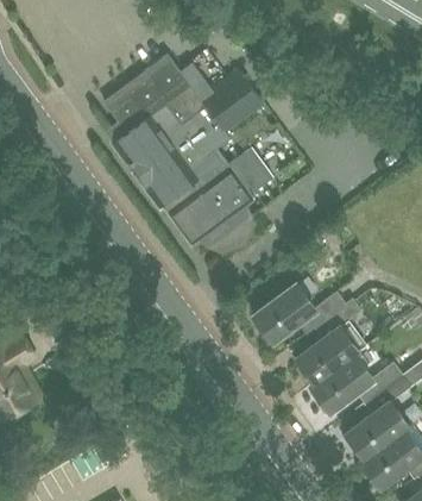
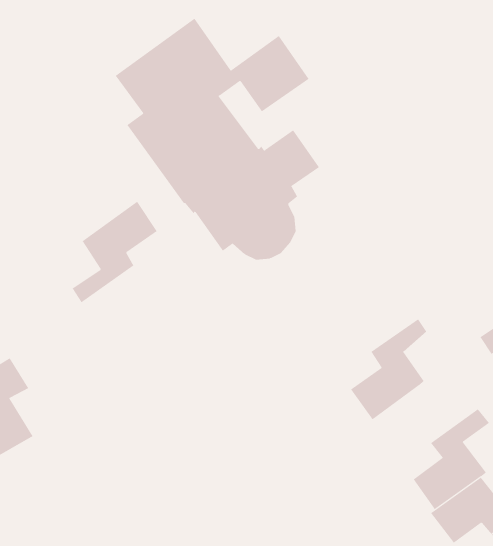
building: none -> [72,201,158,303]
building: [253,283,353,340] -> none
building: [313,353,402,411] -> none

